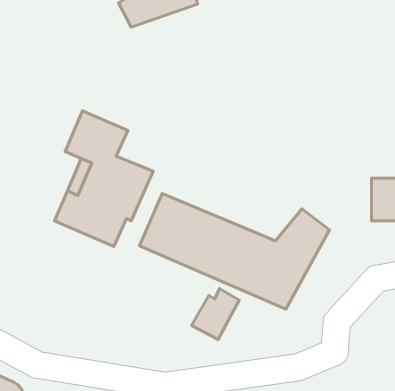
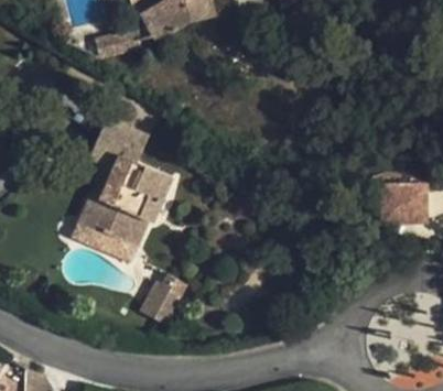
building: [140,194,329,309] -> none
building: [192,289,239,340] -> [139,275,184,324]

